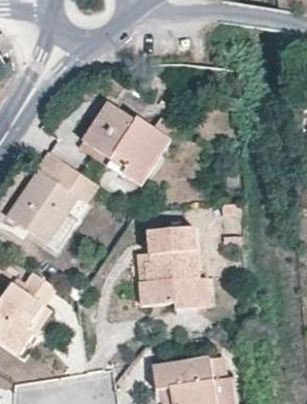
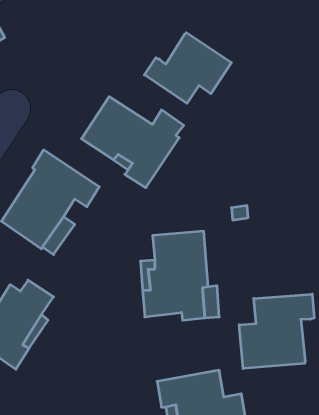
building: none -> [144,33,231,103]
building: none -> [239,294,314,369]

